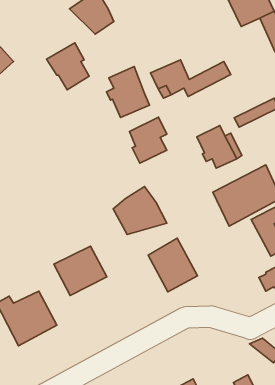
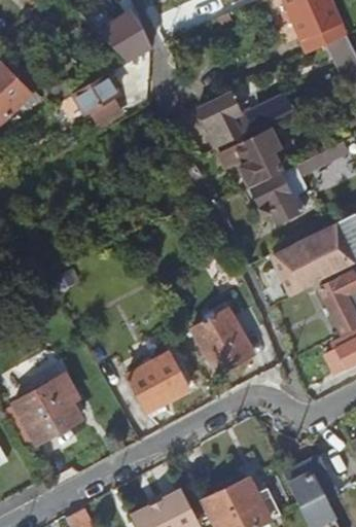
building: [107,67,149,117] -> none
building: [129,117,167,163] -> [236,129,281,184]
building: [113,187,167,235] -> none
building: [54,246,107,296] -> [124,353,188,413]

